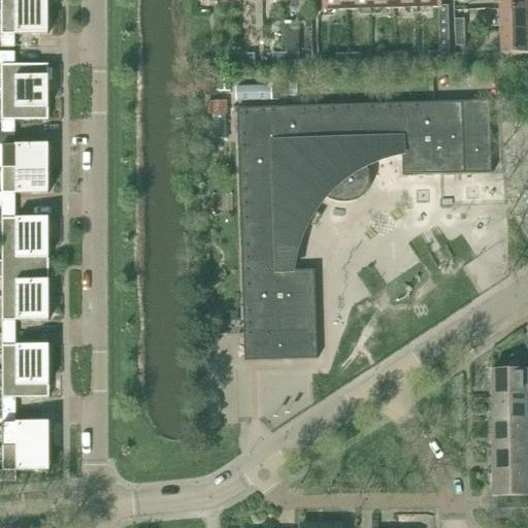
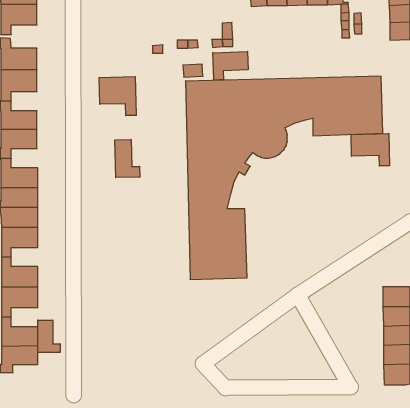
building: none -> [213,51,248,80]
building: none -> [99,77,136,116]
building: none -> [351,133,390,166]
building: none -> [115,139,140,178]
building: none -> [38,320,60,352]

